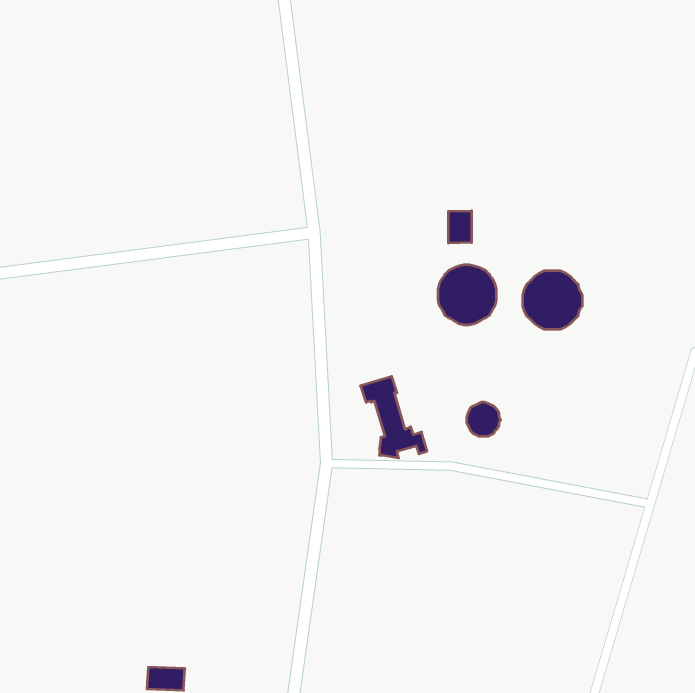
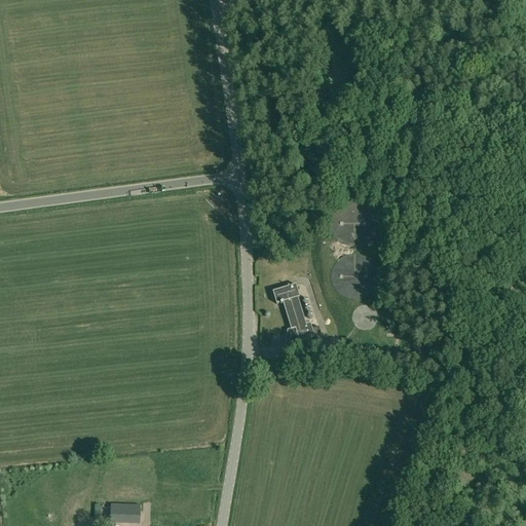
building: [448,211,472,243] -> none
building: [523,271,582,329] -> [331,254,376,298]

